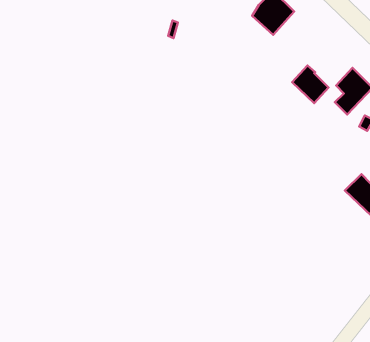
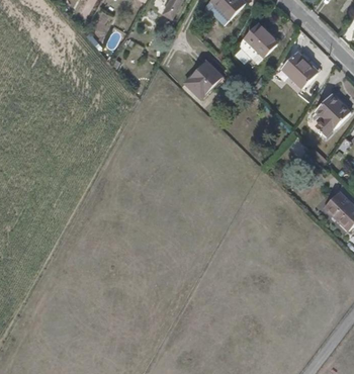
building: none -> [185,62,222,97]
building: [292,66,329,103] -> [282,53,316,87]

